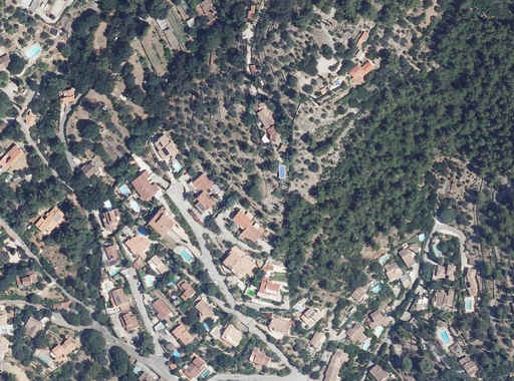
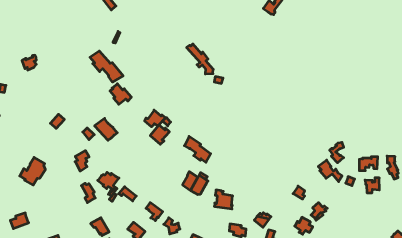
building: none -> [90,51,123,82]
building: [148,207,174,236] -> none

